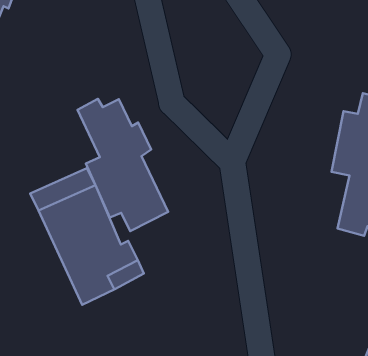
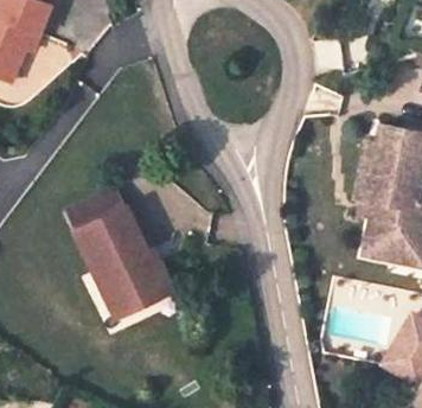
building: [77,99,168,231] -> none

